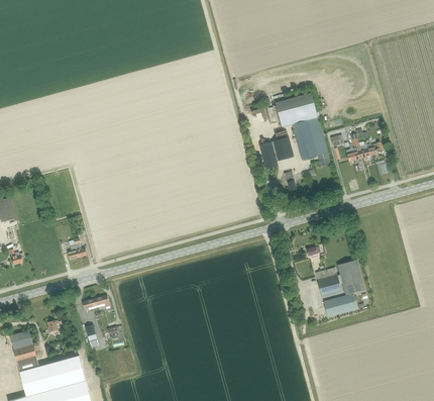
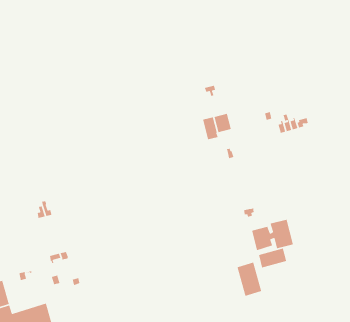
building: [275,93,330,166] -> none
building: none -> [236,261,262,297]

